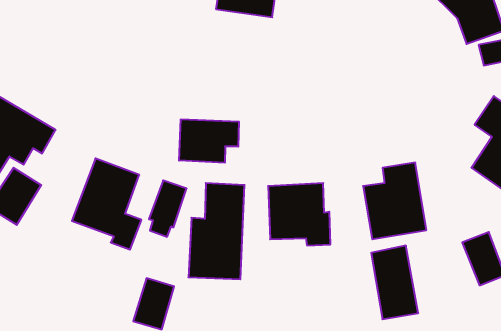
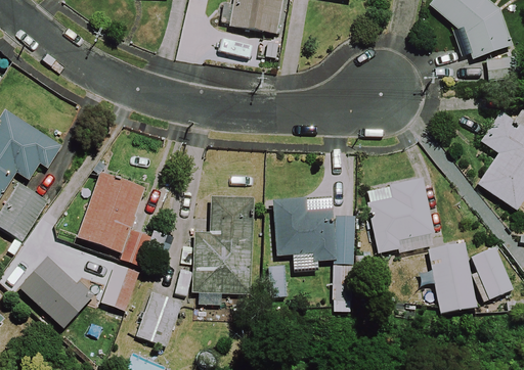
building: [179,119,239,163] -> none
building: [149,180,187,237] -> [101,262,139,318]
building: none -> [20,257,91,326]
building: [371,246,418,319] -> [429,239,476,313]

